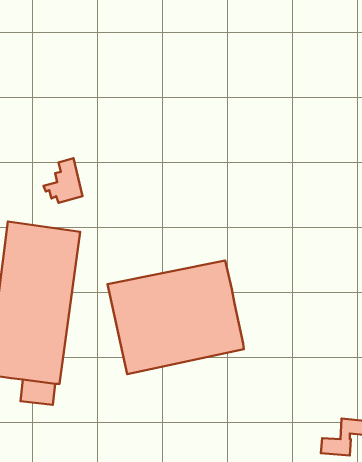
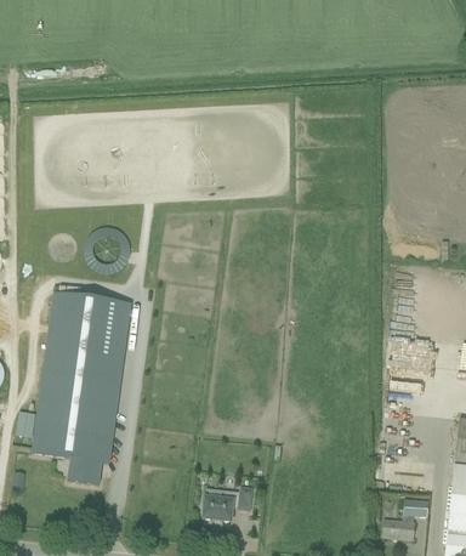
building: [107,261,244,374] -> none
building: none -> [201,487,251,520]

